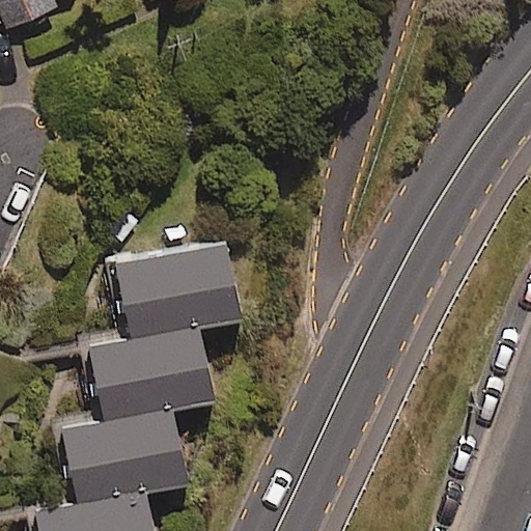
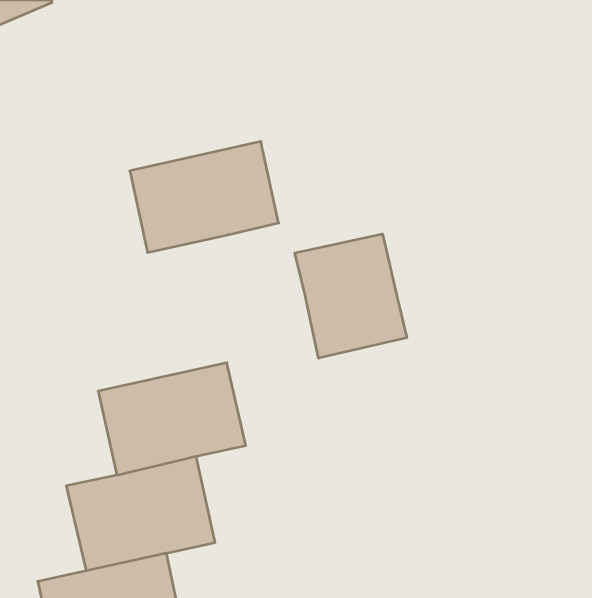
building: none -> [295,234,407,358]
building: [113,242,244,339] -> [130,141,279,252]

